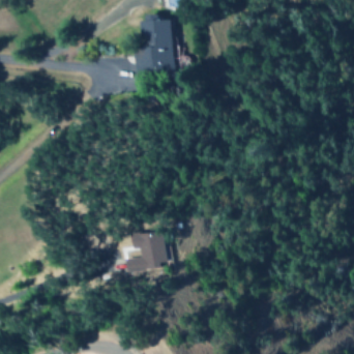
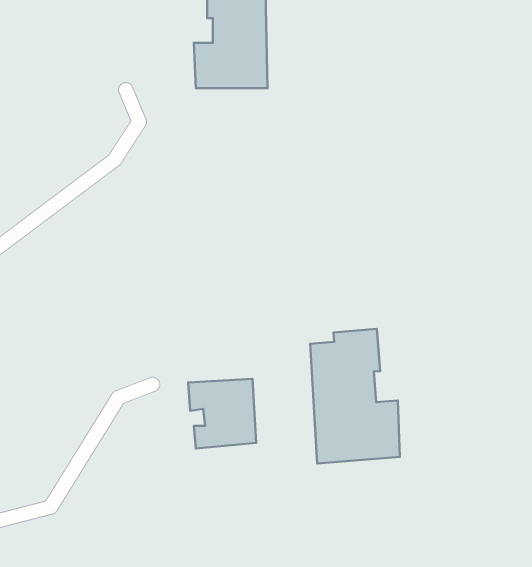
building: none -> [310,329,400,463]

